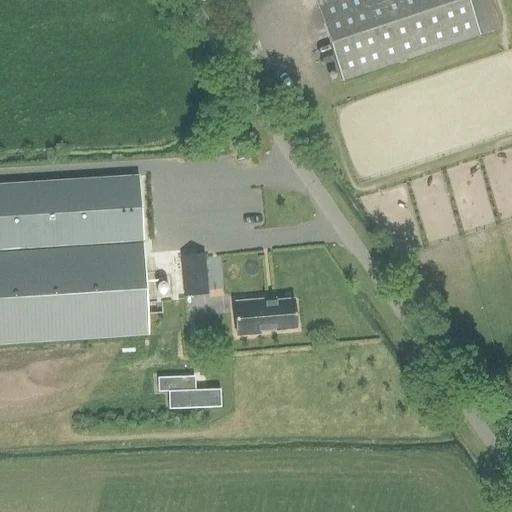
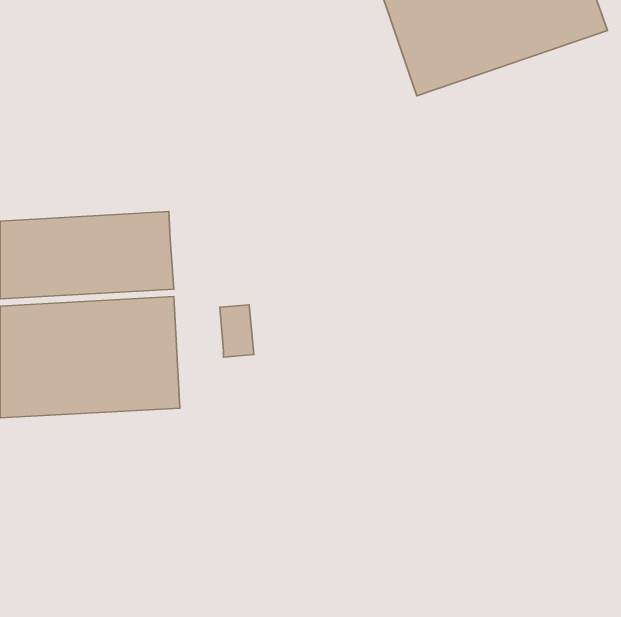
building: [235,297,297,333] -> none
building: [158,374,221,407] -> none

